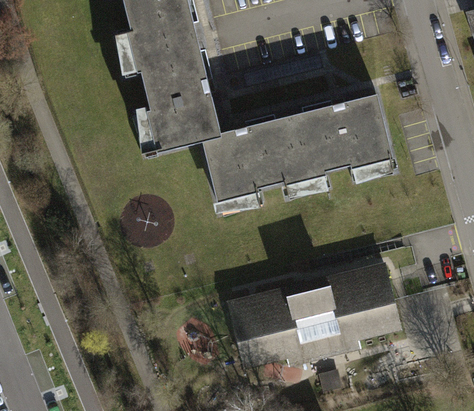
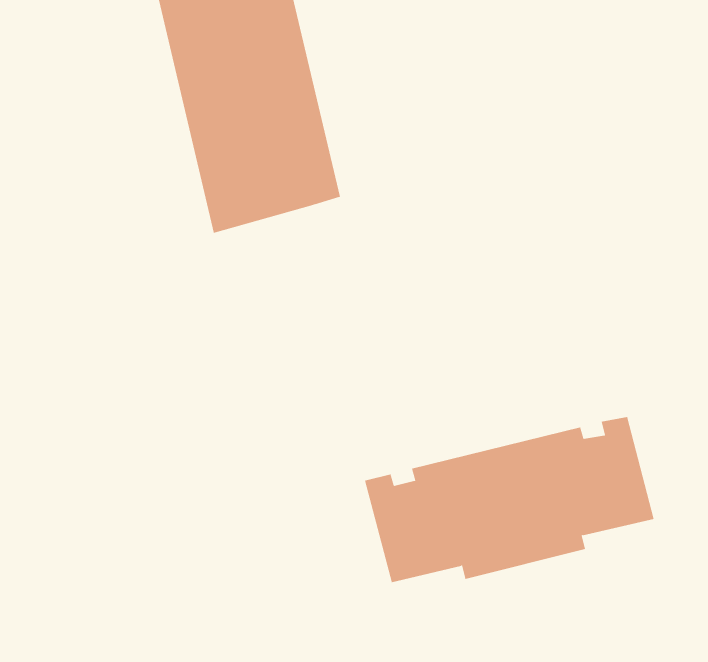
building: [202,92,397,205] -> none

